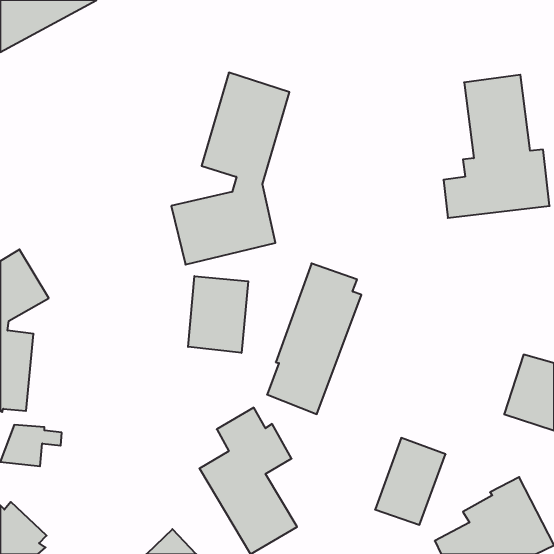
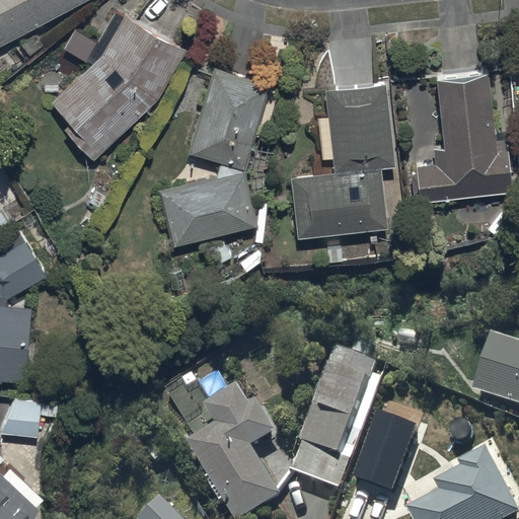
building: none -> [50,15,186,162]
building: none -> [290,85,396,240]
building: [267,263,361,414] -> [293,344,381,485]
building: [188,276,248,353] -> none

